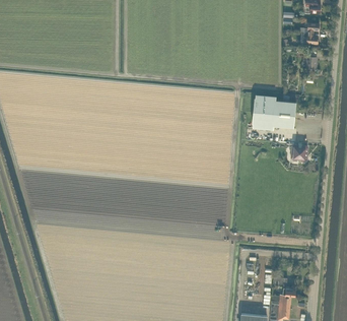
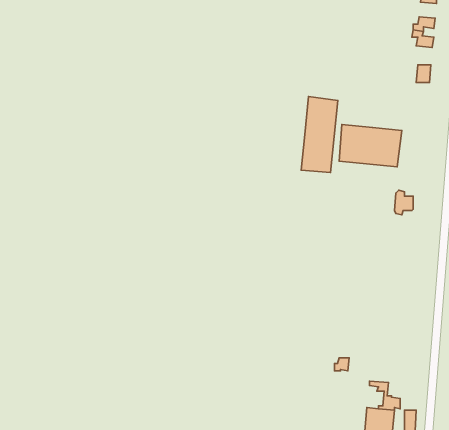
building: none -> [301,97,338,172]

